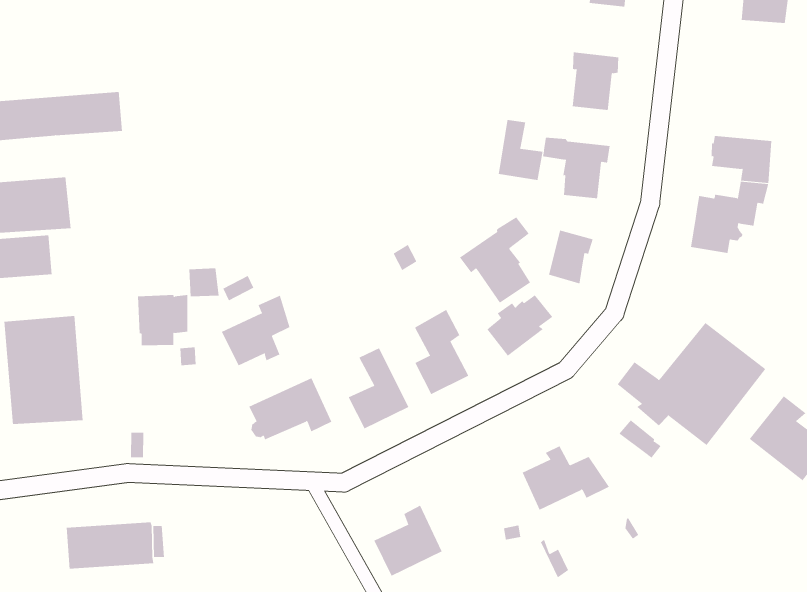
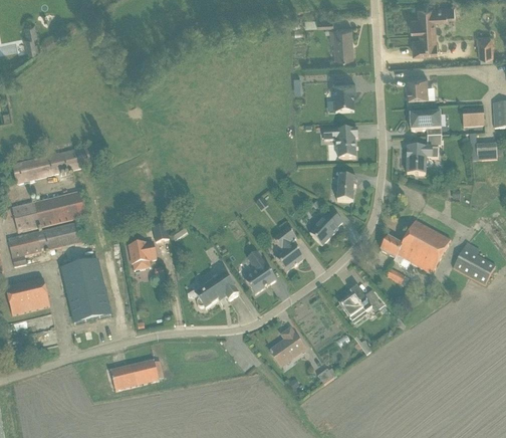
building: none -> [406,76,427,100]
building: [498,119,543,181] -> none
building: [459,216,531,304] -> none
building: [221,295,290,366] -> none

